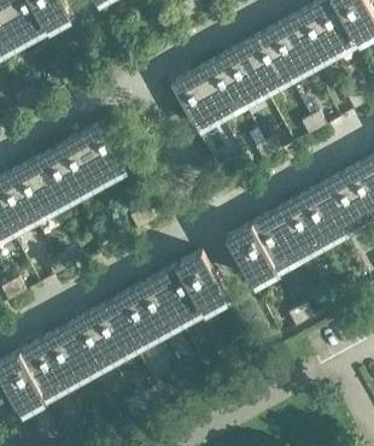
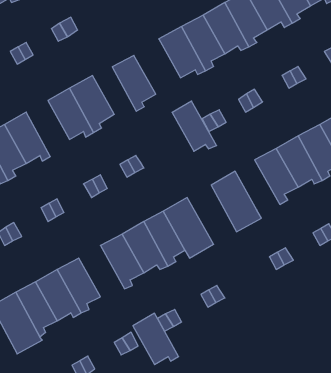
building: [30,151,76,210] -> [112,55,156,111]
building: [251,213,298,266] -> [172,101,217,151]
building: [86,304,134,358] -> [133,313,179,365]

